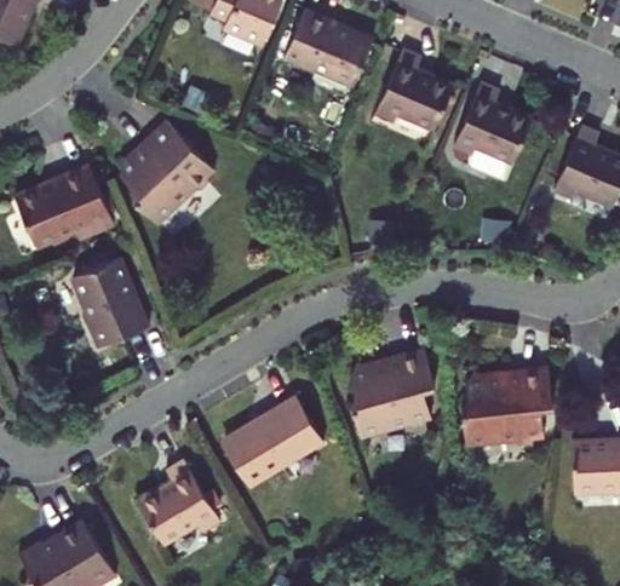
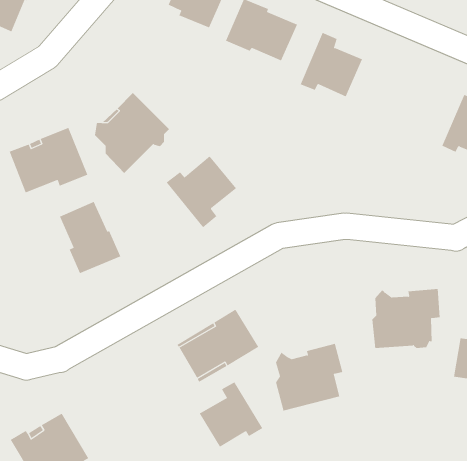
building: [454,81,533,180] -> none
building: none -> [166,155,237,228]
building: [351,347,436,432] -> [275,343,343,411]
building: [138,459,218,541] -> [199,381,263,447]

